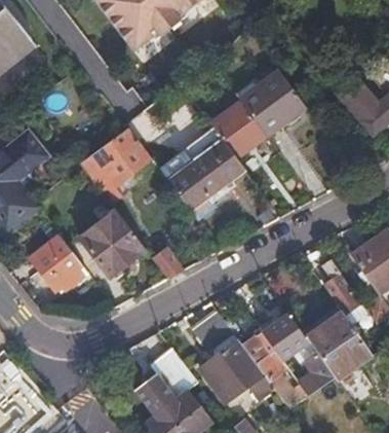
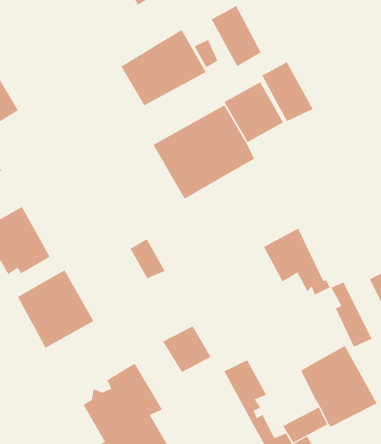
building: [260,71,305,121] -> [211,5,261,67]
building: [81,127,152,193] -> [120,30,207,106]
building: [81,210,147,277] -> [17,269,94,349]
building: [261,314,320,367] -> [263,228,330,295]
building: [202,340,274,400] -> none

